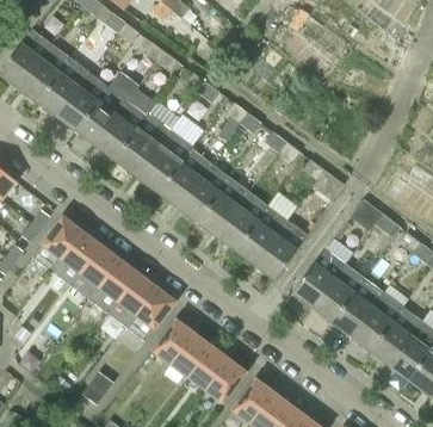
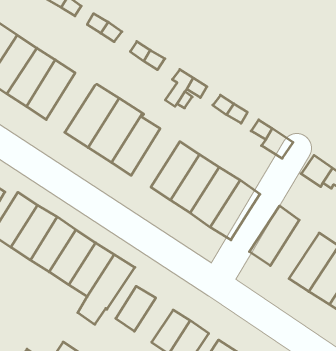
building: [95,100,147,160] -> none
building: [178,162,229,221] -> none
building: [313,264,364,322] -> none
building: [171,333,211,377] -> none

